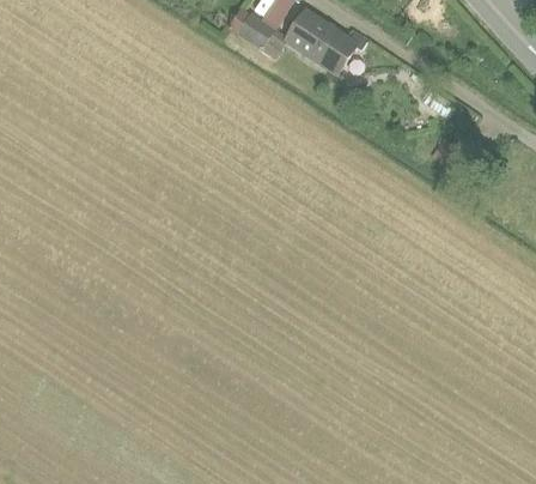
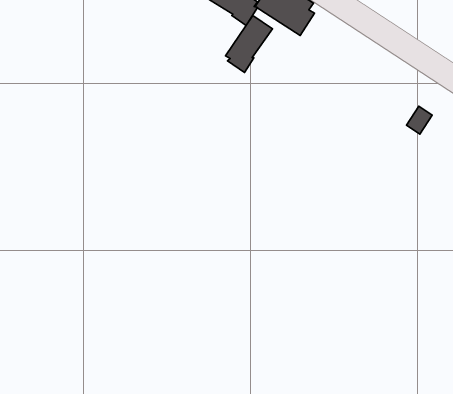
building: none -> [226,16,273,73]

